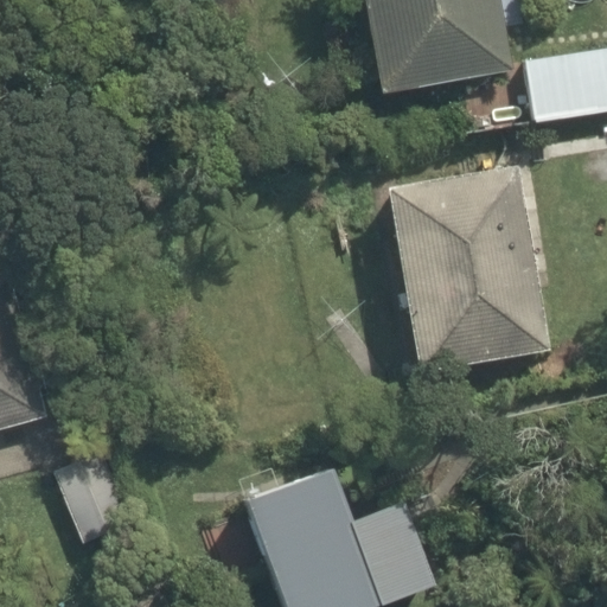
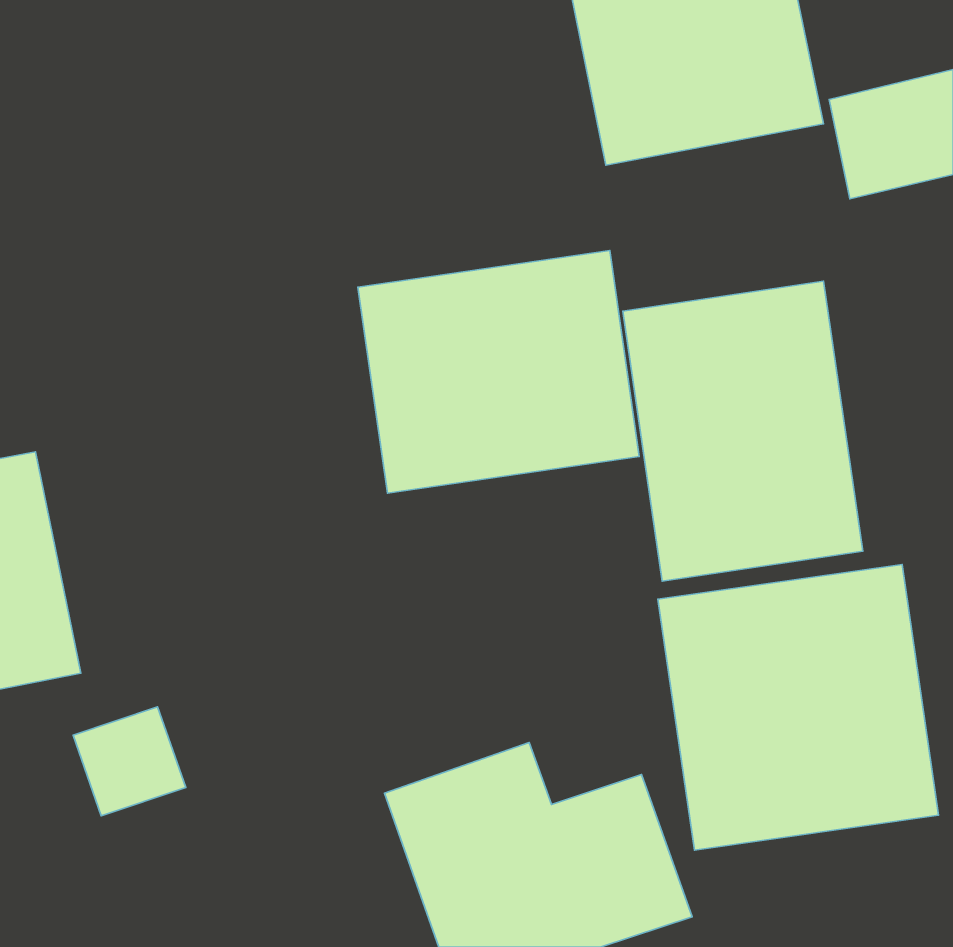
building: none -> [358,250,639,493]
building: none -> [658,564,939,850]

